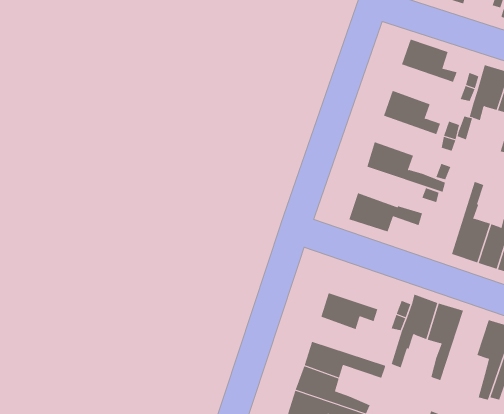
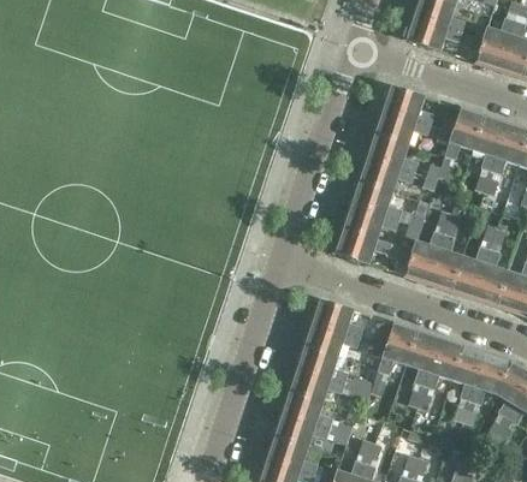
building: none -> [374,107,432,144]
building: none -> [357,155,416,192]
building: none -> [342,203,401,240]
building: none -> [405,213,451,285]
building: none -> [314,298,365,337]
building: none -> [420,338,464,407]
building: none -> [298,344,372,389]

